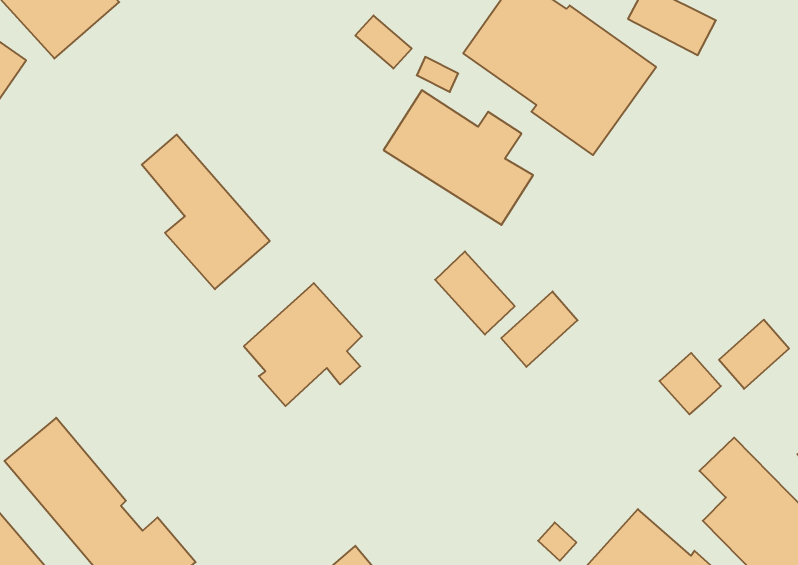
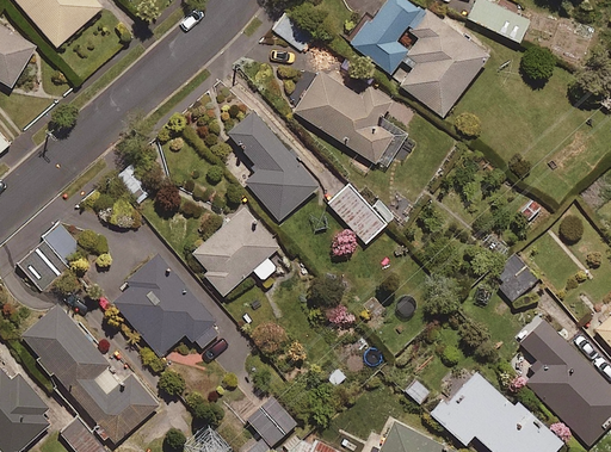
building: [142,135,270,289] -> [227,110,319,221]
building: [501,291,578,367] -> none
building: [719,320,789,389] -> none
building: none -> [112,256,218,357]

